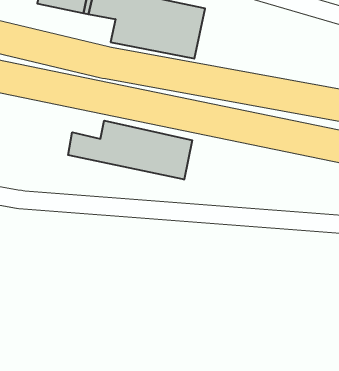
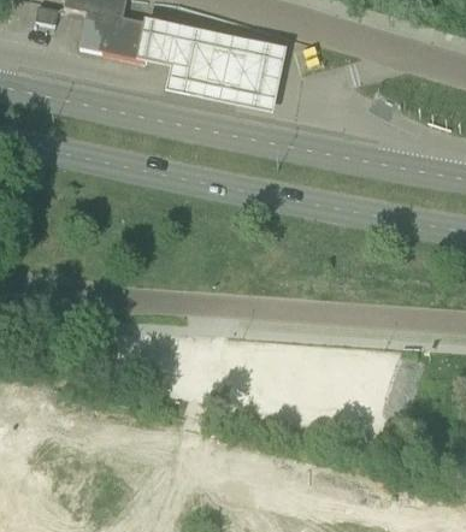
building: [68,121,192,180] -> none

